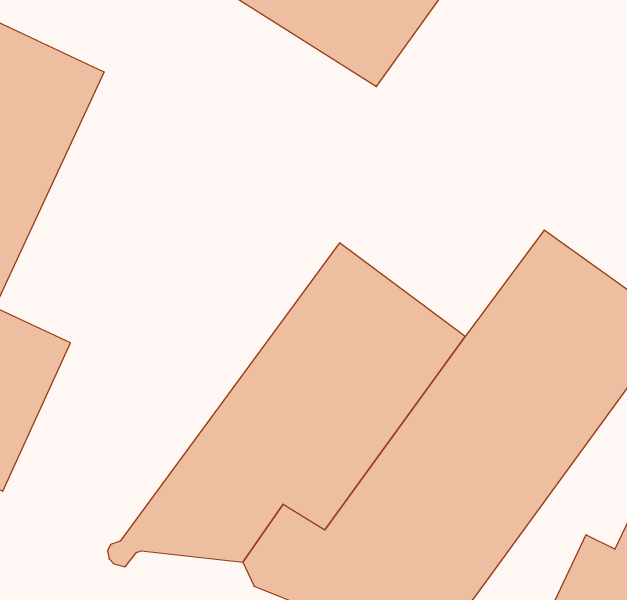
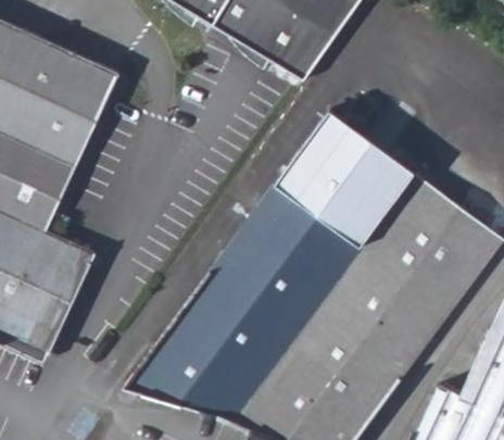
building: none -> [276,113,414,248]

